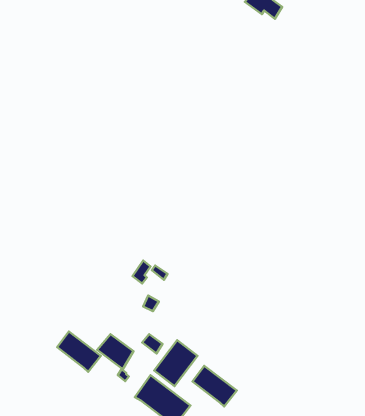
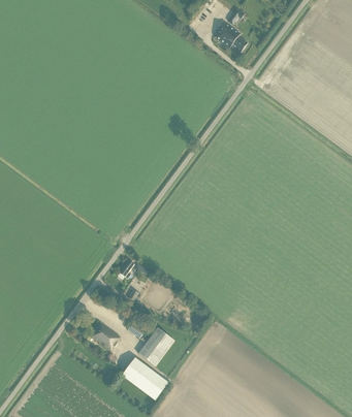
building: [57,332,101,372] -> none
building: [192,366,237,407] -> none

